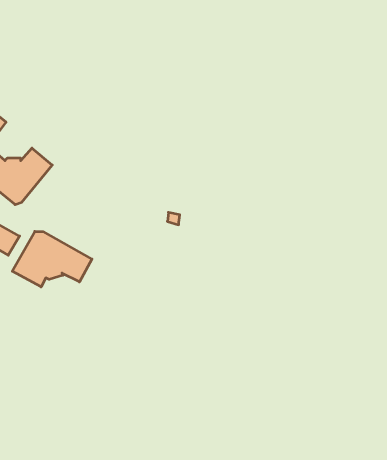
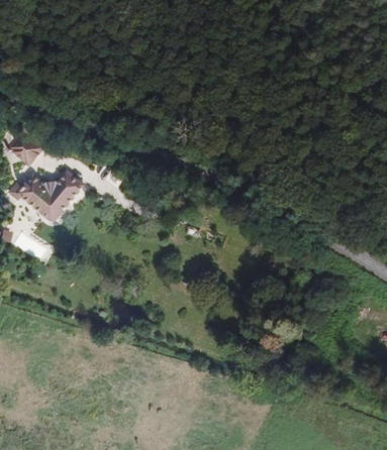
building: [12,231,92,287] -> none

